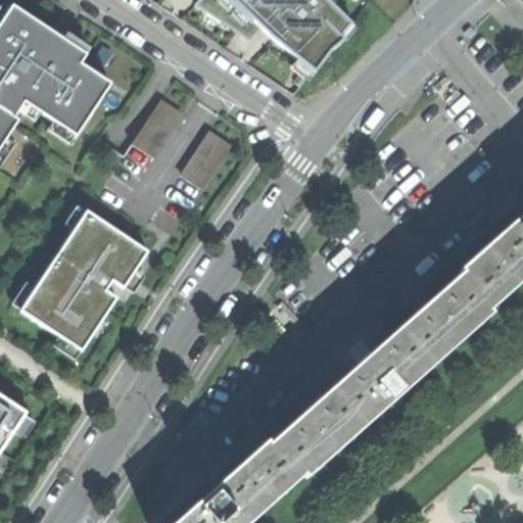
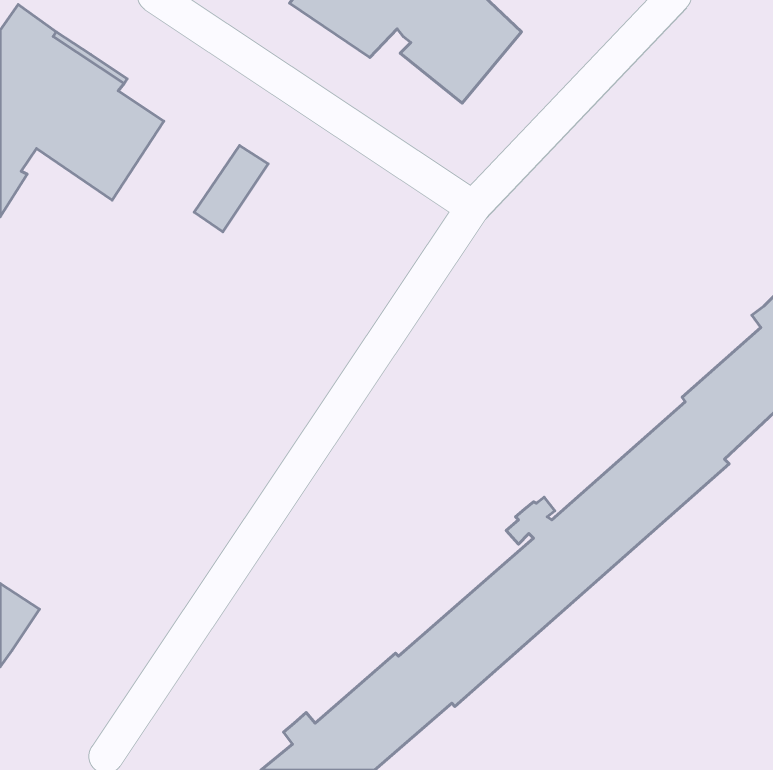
building: [183,132,233,189] -> none
building: [20,209,148,349] -> none

